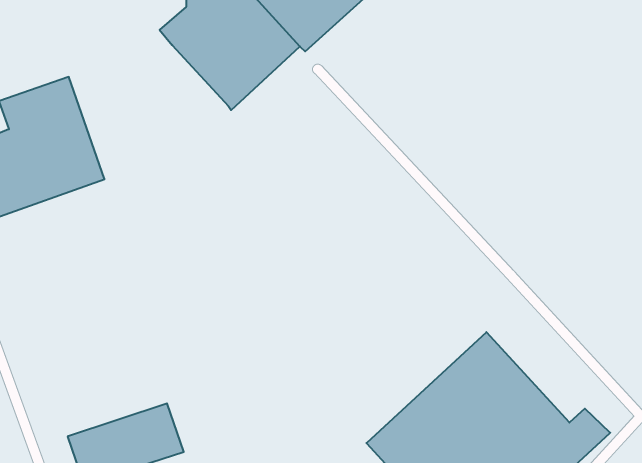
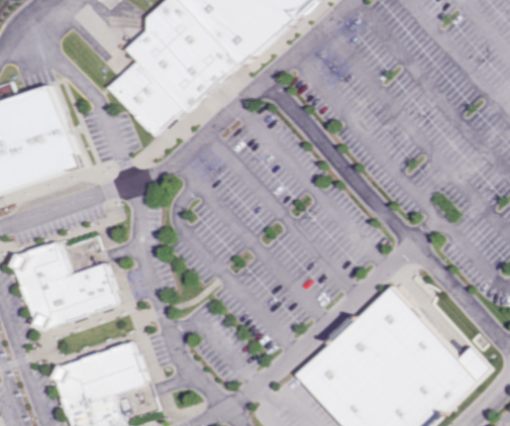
building: none -> [108,61,181,136]
building: none -> [19,232,115,326]

